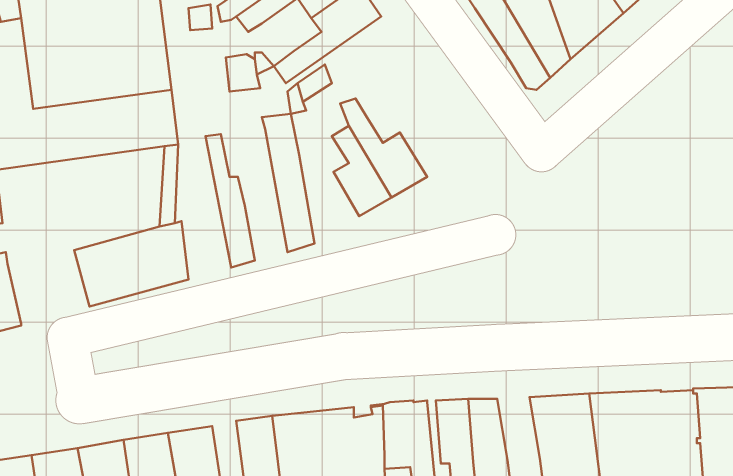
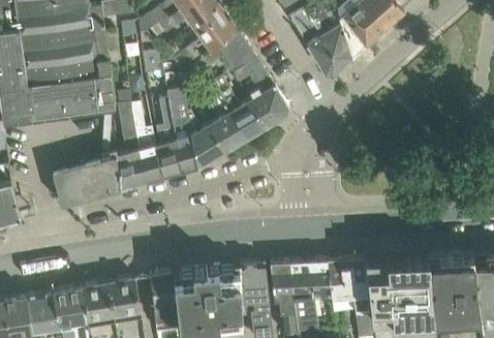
building: none -> [218,35,288,129]
building: none -> [155,100,181,180]
building: none -> [117,104,147,191]
building: none -> [188,115,224,170]
building: none -> [308,263,334,301]

